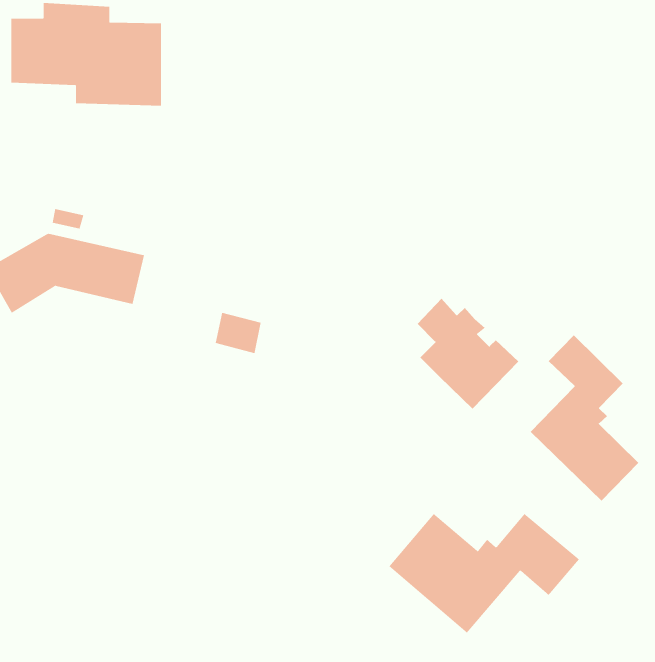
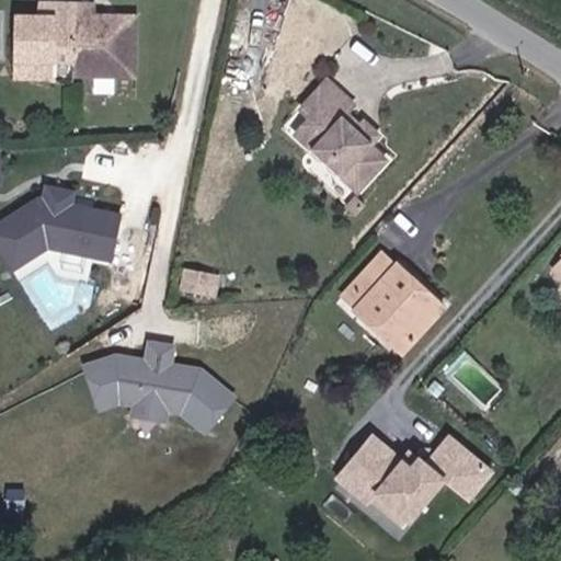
building: none -> [289,80,399,209]
building: [530,334,639,502] -> none
building: none -> [90,344,233,426]

